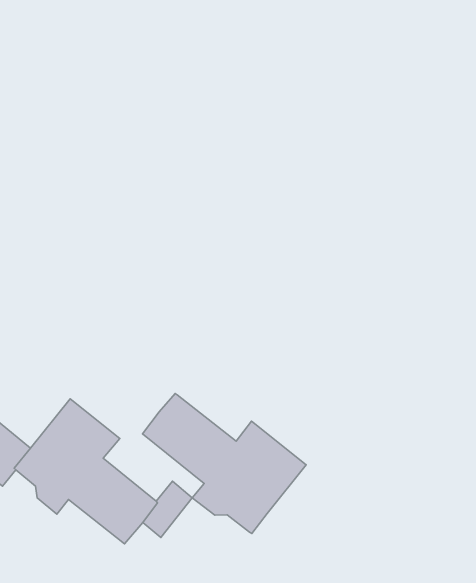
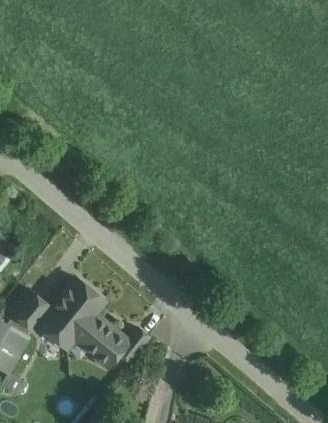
building: [143,393,306,534] -> none

